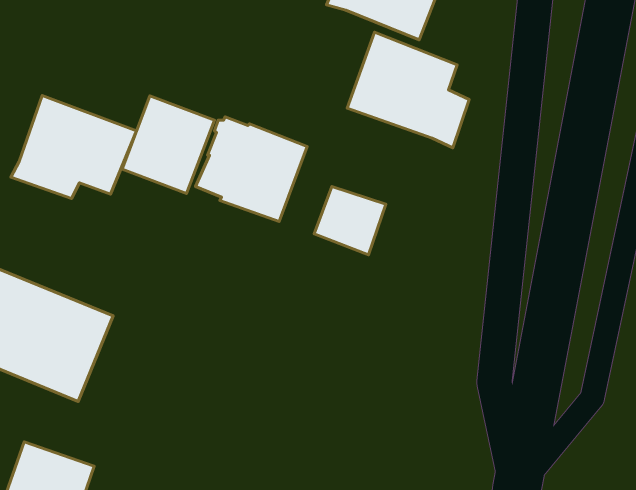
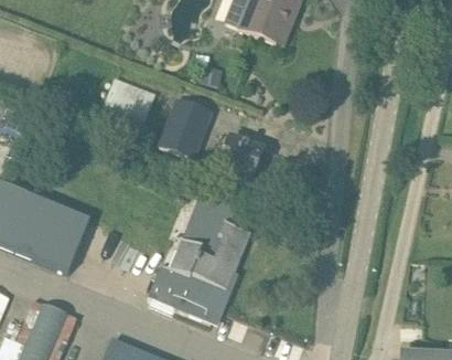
building: [347,32,469,148] -> none
building: [11,96,137,199] -> none
building: none -> [148,193,250,324]

